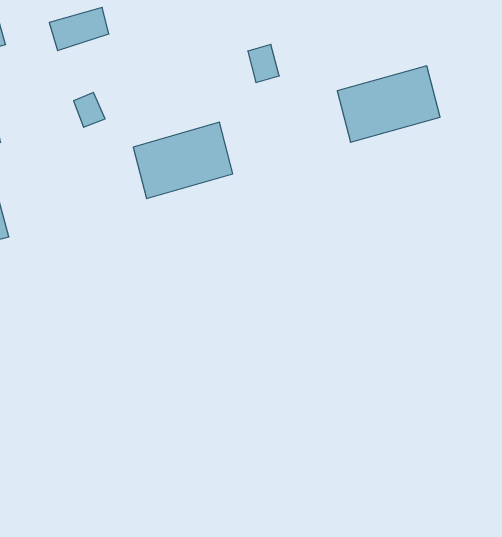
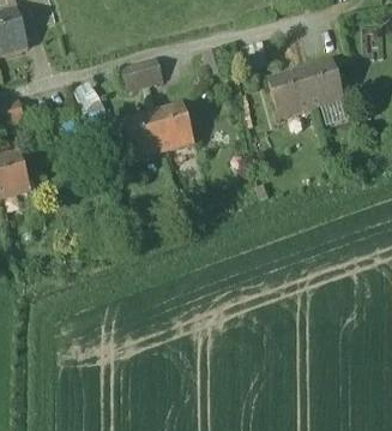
building: [49,7,109,51] -> [120,55,163,86]

